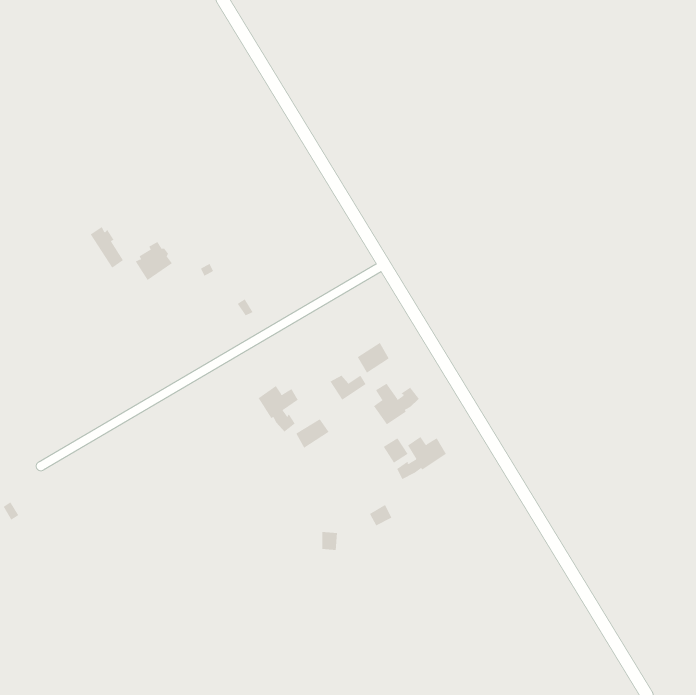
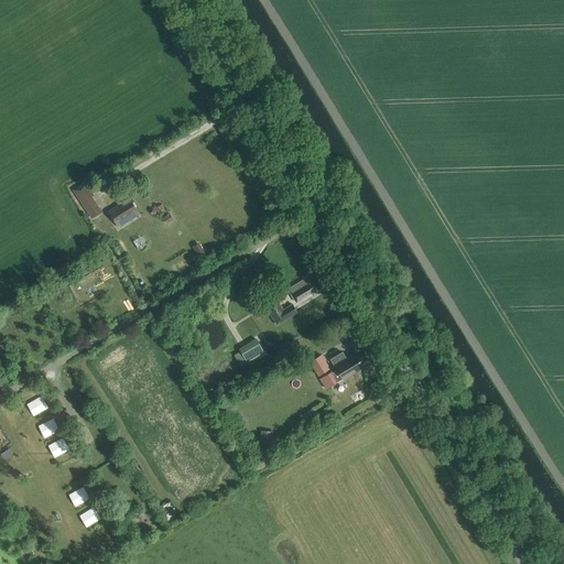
building: [373,383,419,425] -> none
building: [258,385,298,432] -> none

